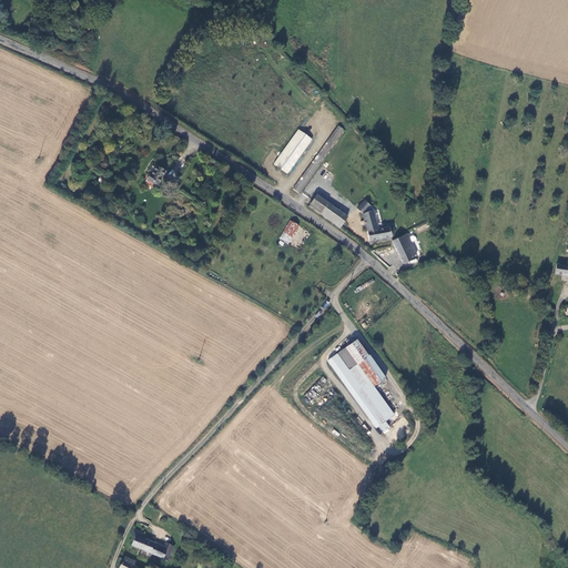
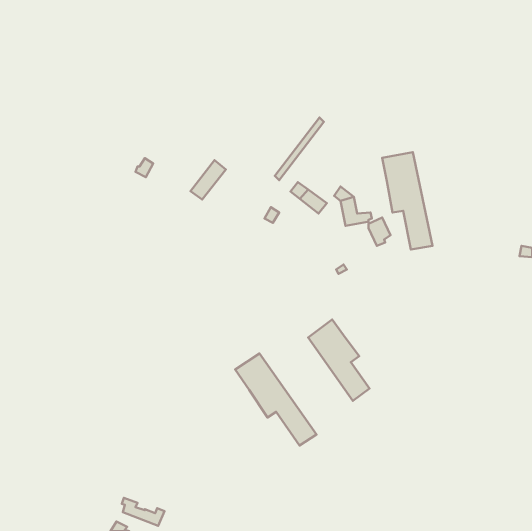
building: [274,130,312,172] -> [191,160,226,200]
building: none -> [382,152,432,249]
building: none -> [235,354,316,445]

